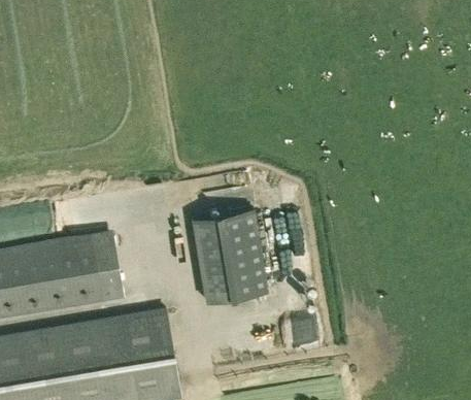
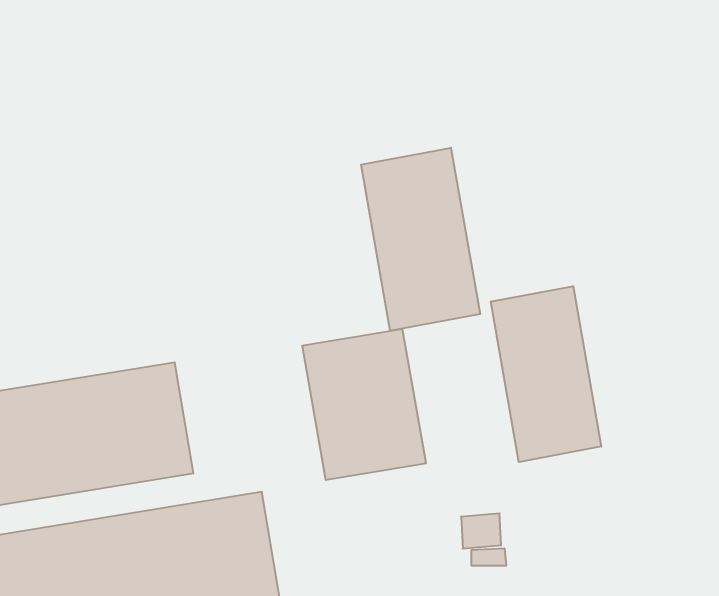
building: none -> [361,148,480,331]
building: none -> [491,286,601,462]

